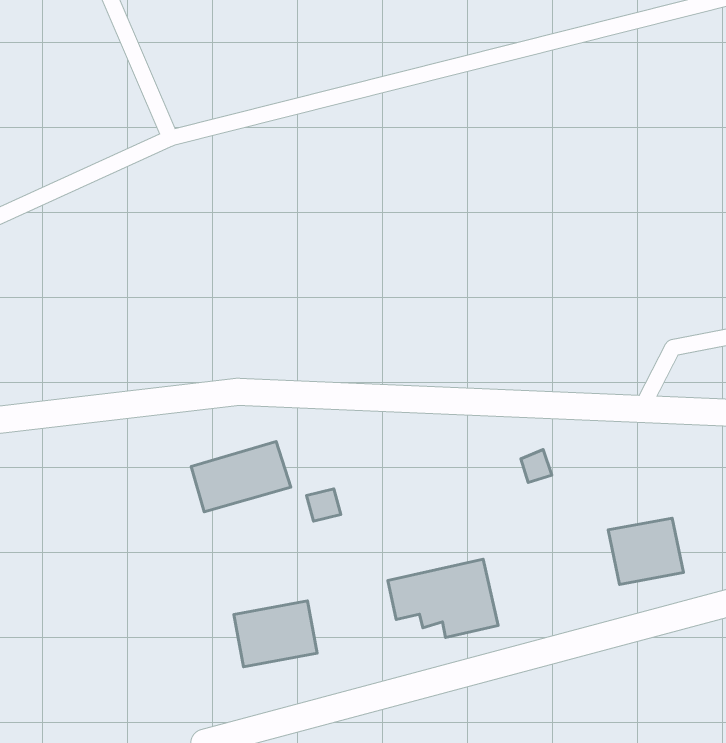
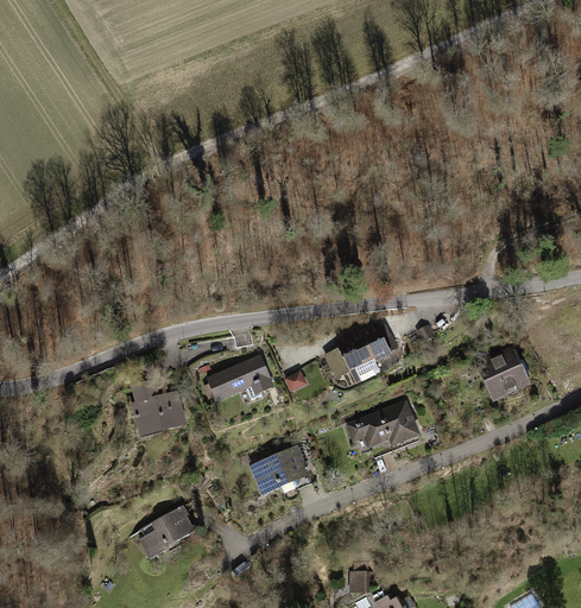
building: none -> [326,328,394,382]
building: none -> [135,394,187,435]
building: none -> [137,508,191,557]

